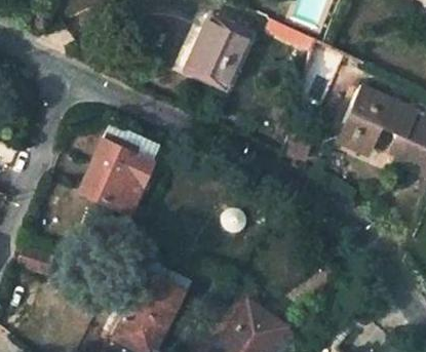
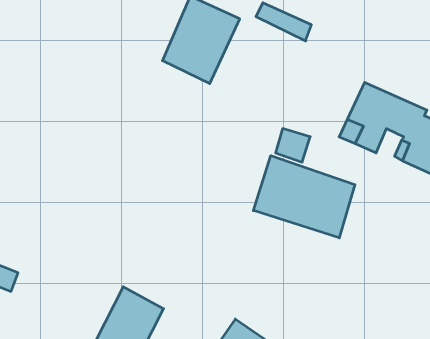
building: [81,131,154,213] -> none
building: none -> [253,156,355,238]

